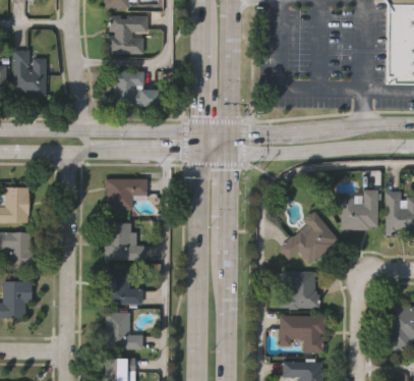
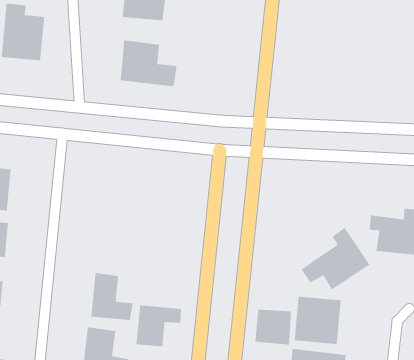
building: [106,178,146,211] -> none
building: [105,223,133,260] -> none
building: none -> [254,309,292,345]
building: none -> [136,304,182,347]

